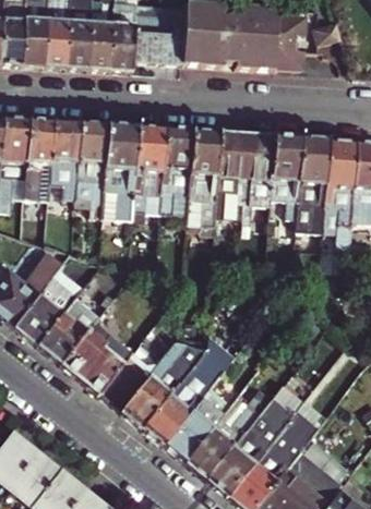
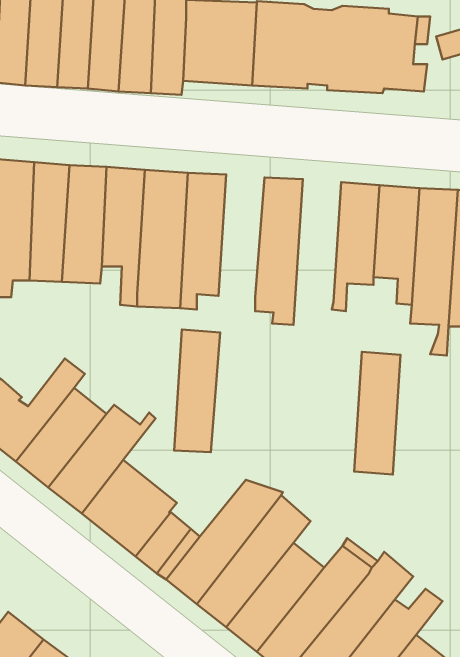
building: [160,125,193,213] -> [174,329,220,452]
building: [215,129,248,216] -> [354,352,400,475]

